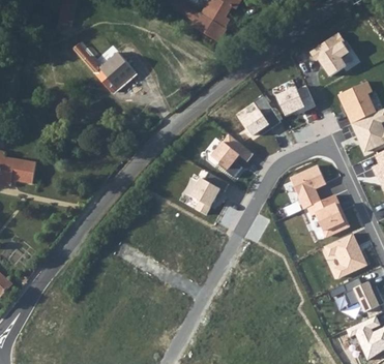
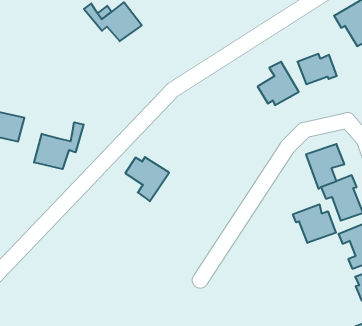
building: [211,132,256,170] -> none
building: none -> [34,122,84,169]
building: [182,177,221,216] -> [125,157,169,201]
building: none -> [293,204,336,243]

